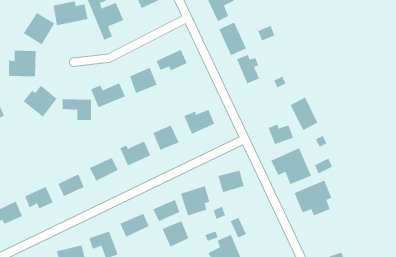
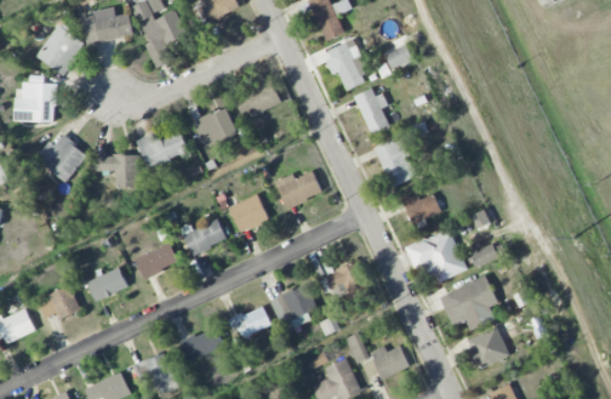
building: [290,97,318,131] -> [373,137,416,188]
building: none -> [466,324,509,370]
building: [162,220,189,247] -> none
building: none -> [370,346,410,380]

